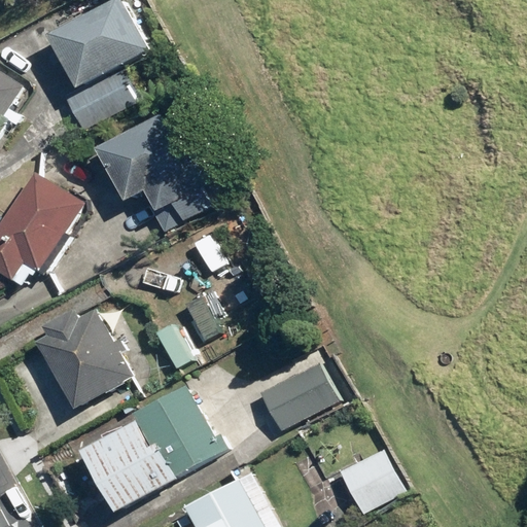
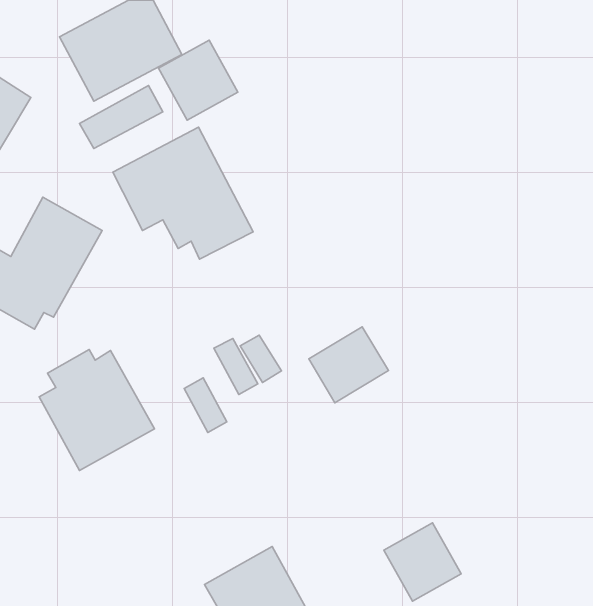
building: none -> [158,40,238,120]
building: [252,364,321,430] -> [309,327,388,403]
building: [68,388,204,514] -> none

